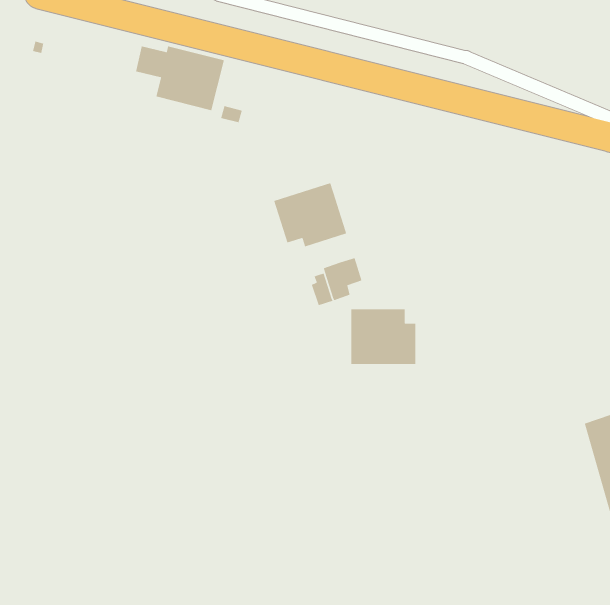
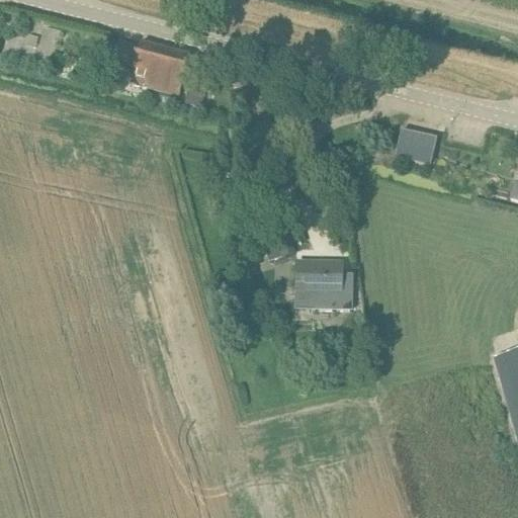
building: none -> [397,127,438,163]
building: [273,182,347,247] -> none

